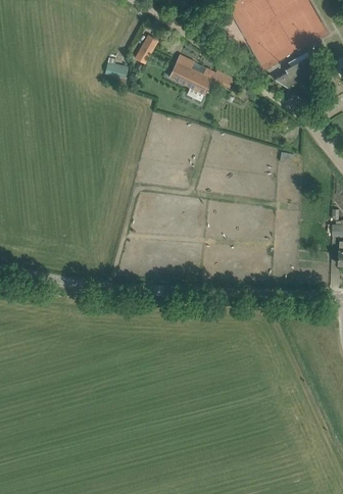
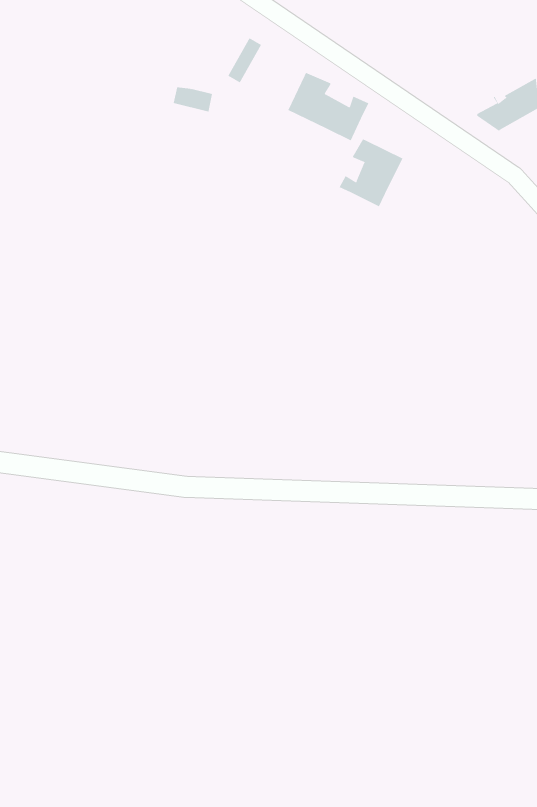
building: none -> [339,138,403,207]

